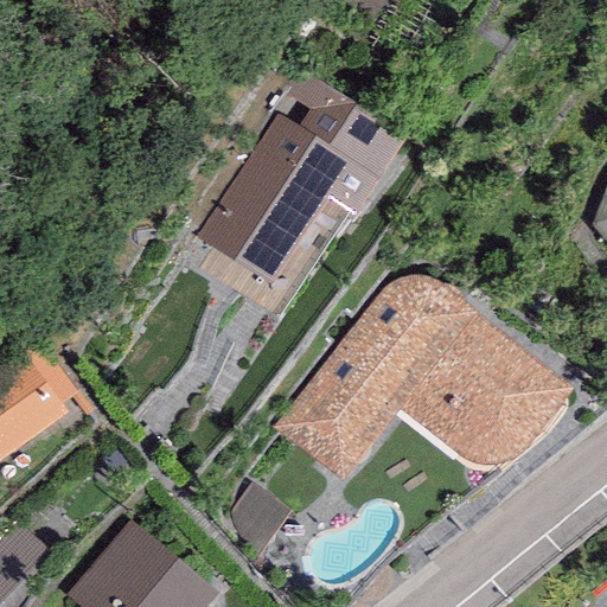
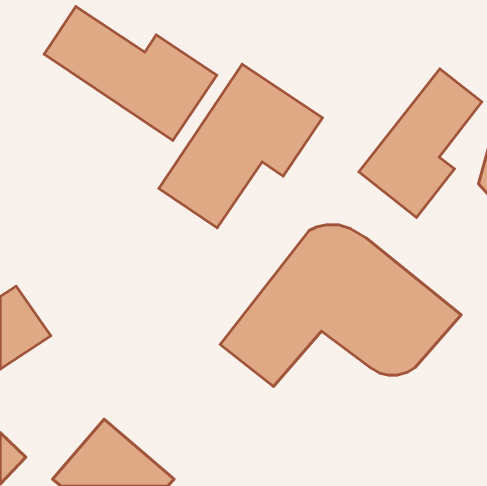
building: none -> [44,7,217,141]
building: none -> [359,69,482,217]

